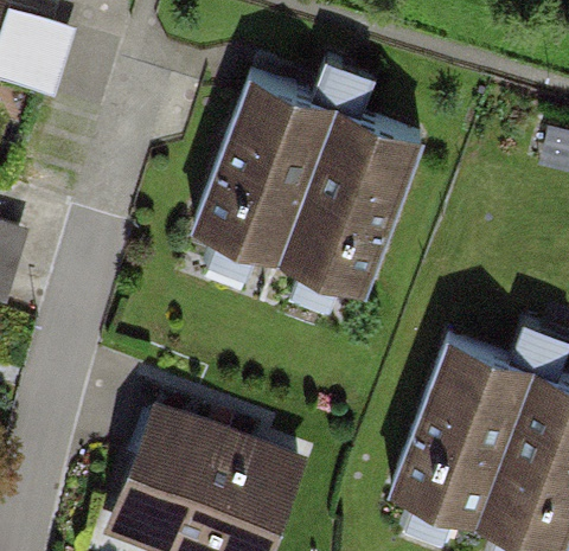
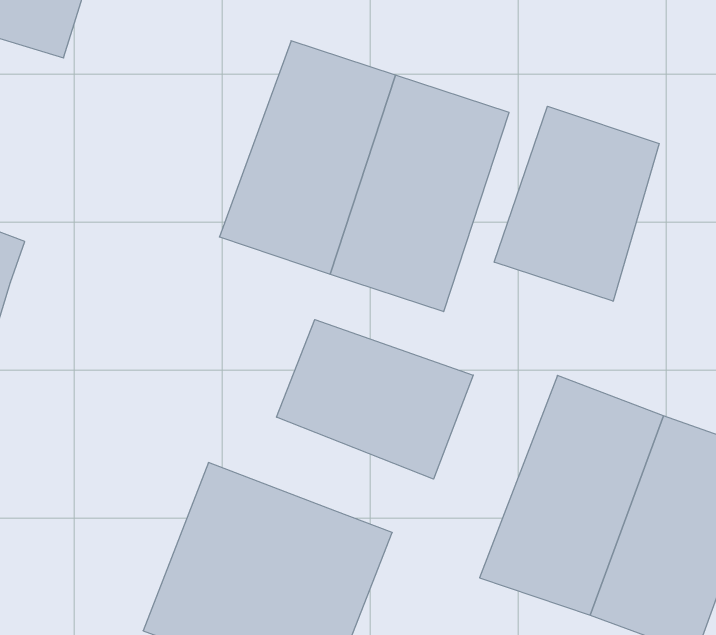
building: none -> [494,106,659,301]
building: none -> [277,320,473,479]

